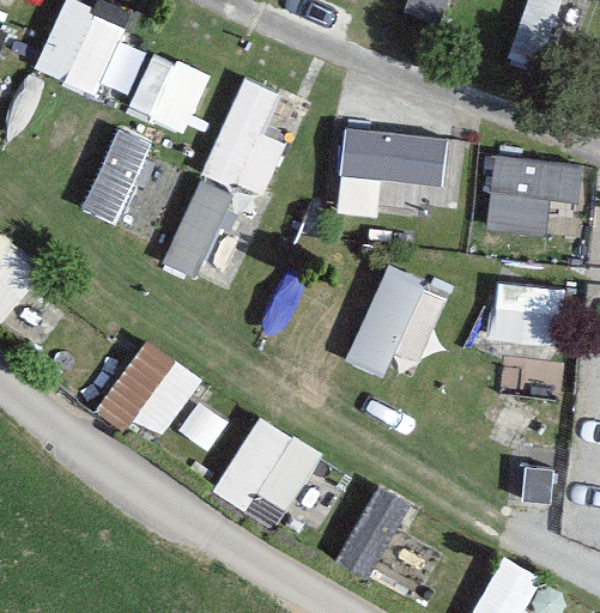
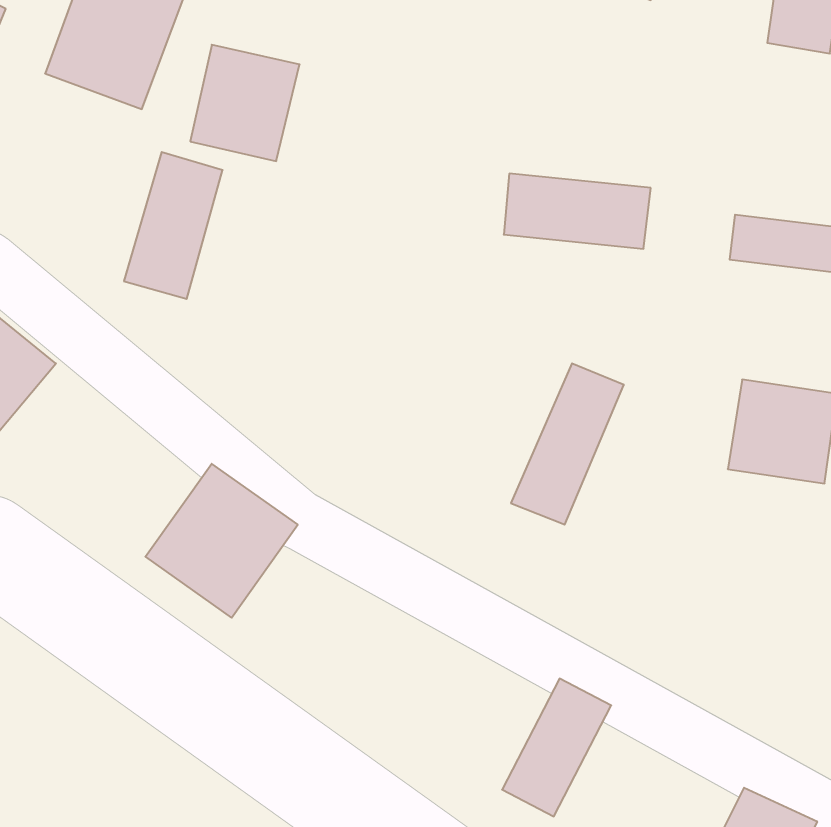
building: [162,75,283,292] -> none
building: [212,412,323,527] -> none

